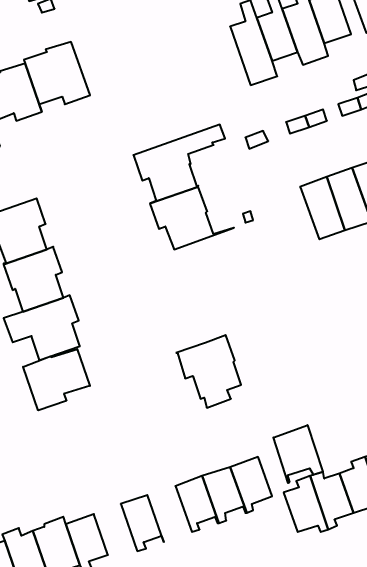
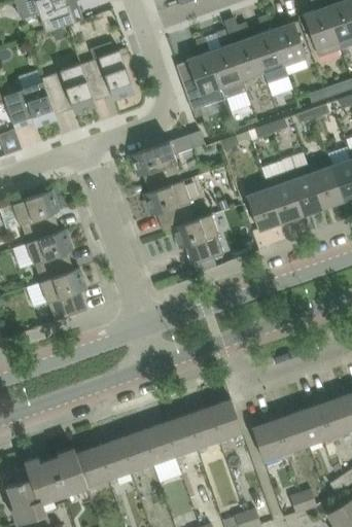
building: none -> [176,37,225,110]
building: none -> [80,49,135,107]
building: none -> [244,181,281,231]
building: [176,335,241,408] -> [172,214,224,273]
building: [23,349,90,410] -> none
building: [273,425,323,483] -> none
building: none -> [142,423,178,468]
building: none -> [99,437,134,484]

